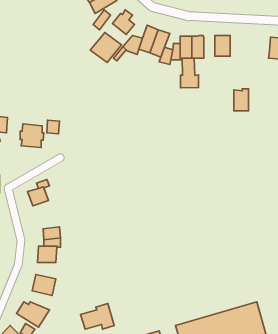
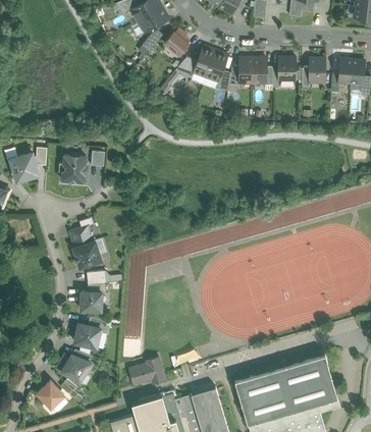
building: [90,33,122,62] -> none
building: [180,58,198,88] -> none
building: [234,89,249,111] -> [308,58,324,83]
building: none -> [72,240,101,269]

